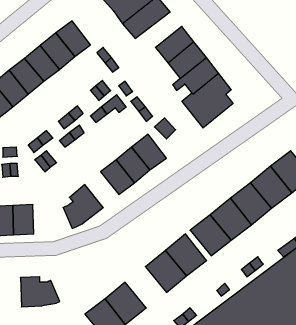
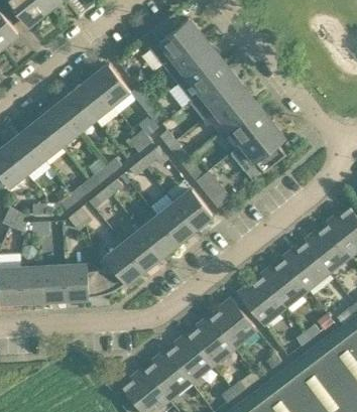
building: none -> [178,55,230,102]
building: none -> [123,232,160,271]
building: none -> [167,336,213,382]
building: [20,277,60,307] -> [66,267,109,300]

